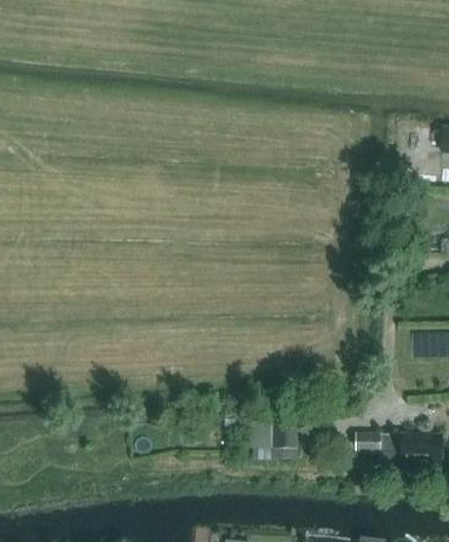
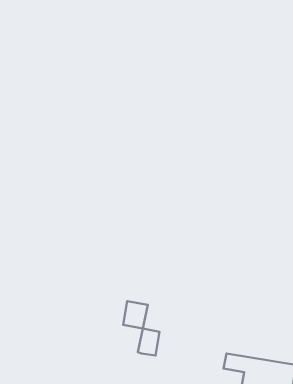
building: [272,419,299,449] -> [123,301,148,329]

